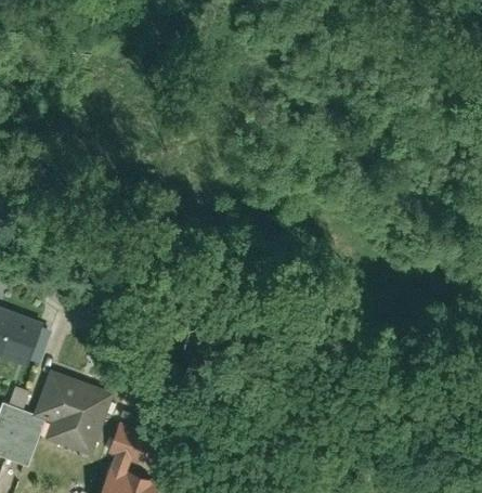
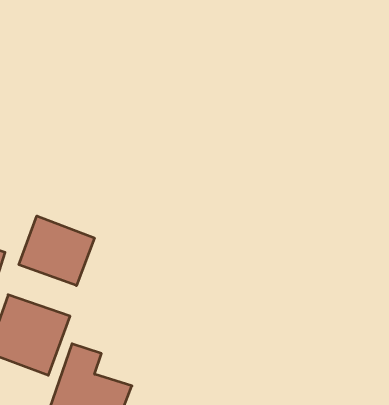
building: none -> [19,216,94,286]

